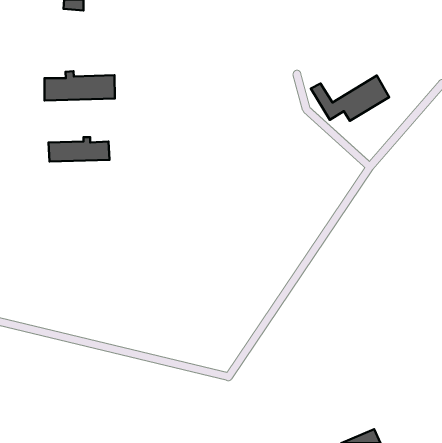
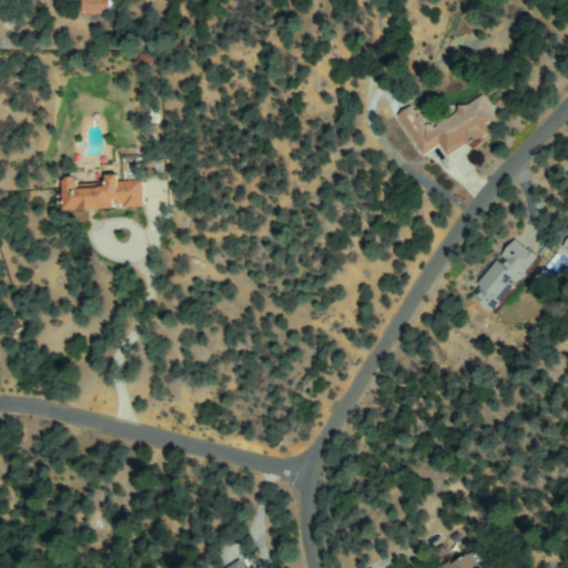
building: [44,71,115,100] -> none
building: none -> [473,241,534,310]

